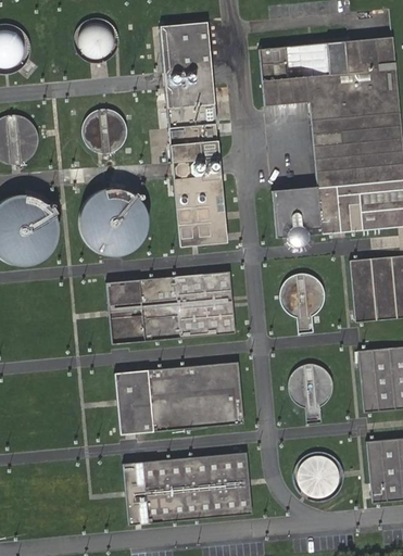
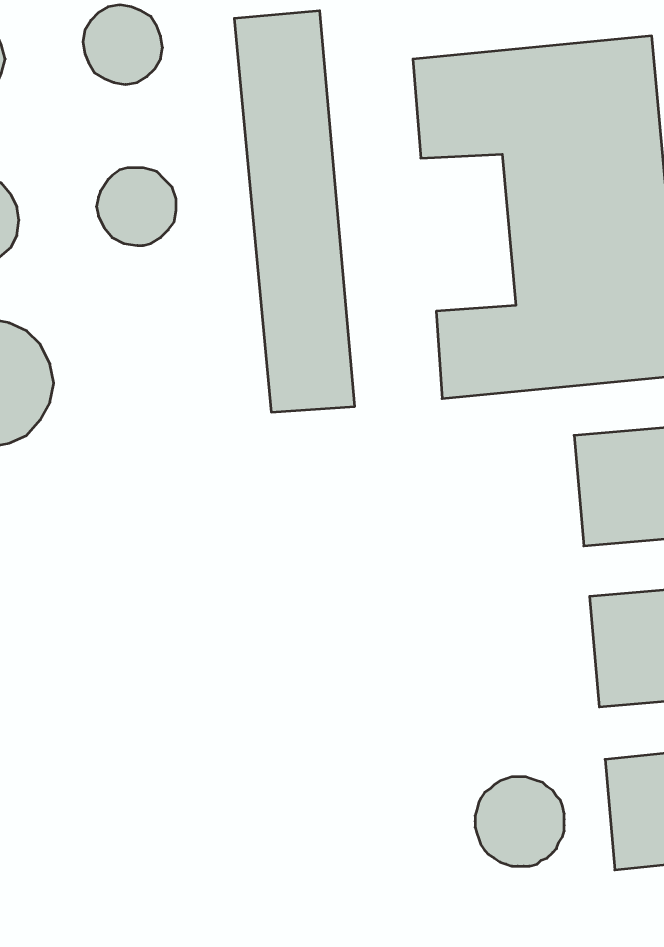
building: [79,187,148,255] -> none
building: [105,270,235,342] -> none
building: [278,270,325,333] -> none
building: [114,361,243,433] -> none
building: [288,362,332,422] -> none
building: [123,451,252,523] -> none

